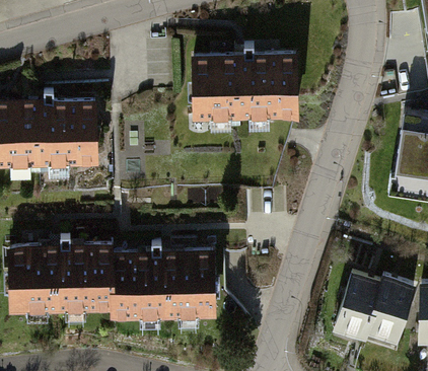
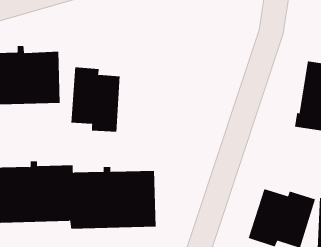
building: [192,45,300,121] -> none
building: none -> [71,67,120,133]

